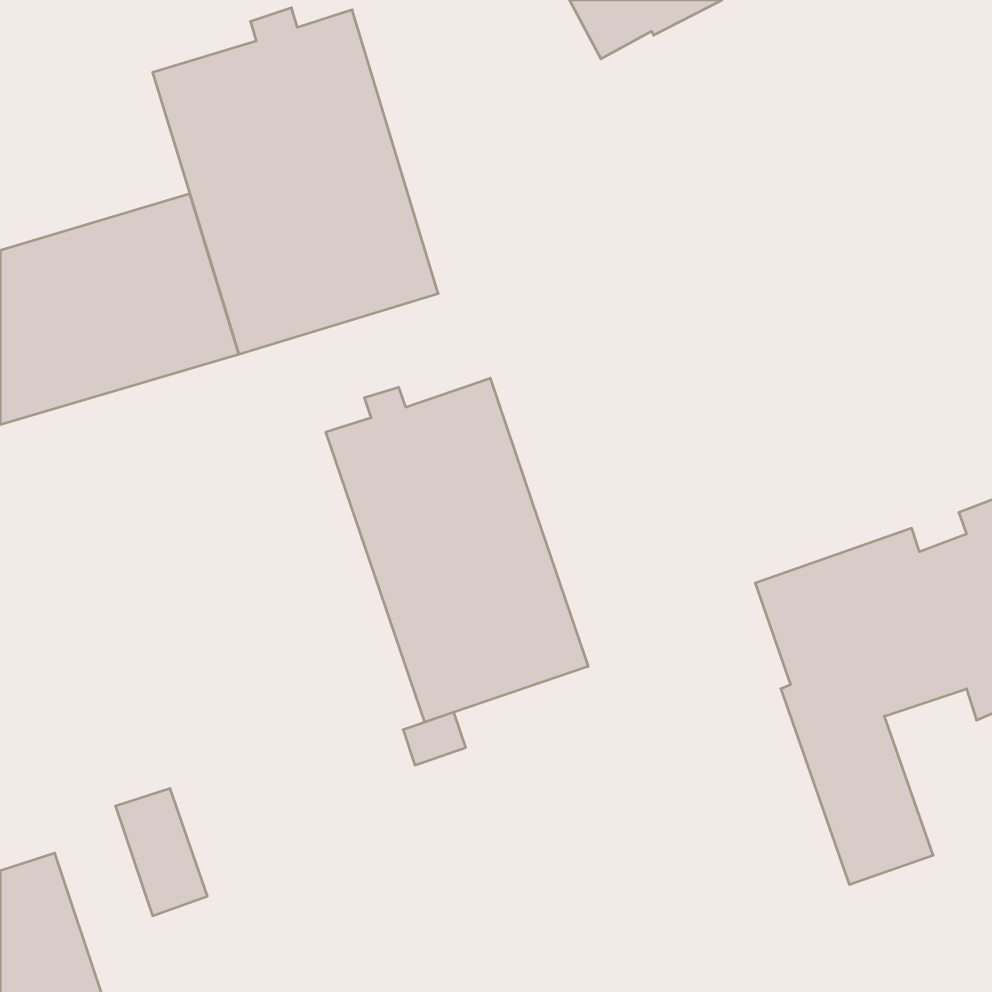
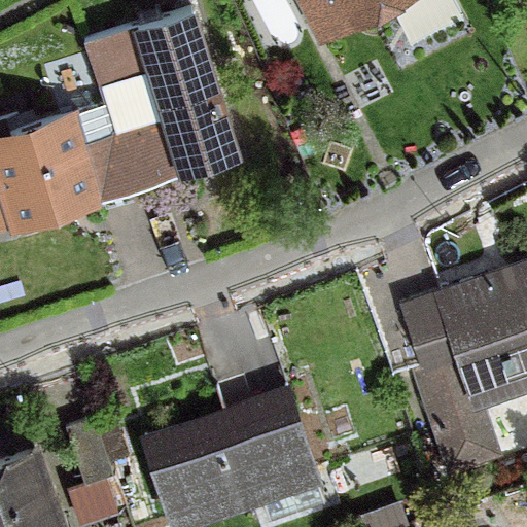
building: [326,378,588,722] -> none
building: none -> [147,397,325,521]

